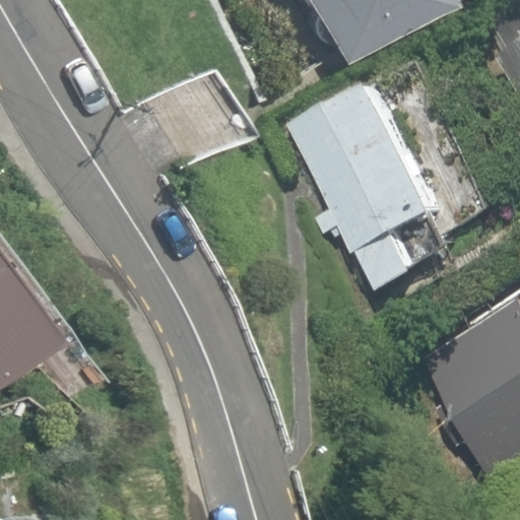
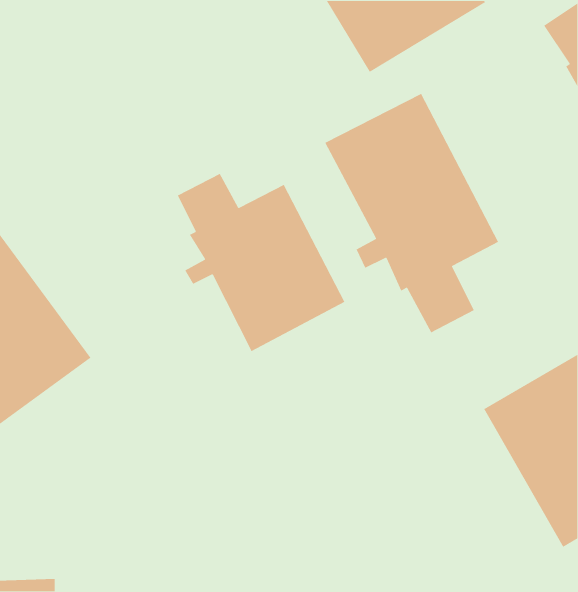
building: none -> [177,173,346,352]

